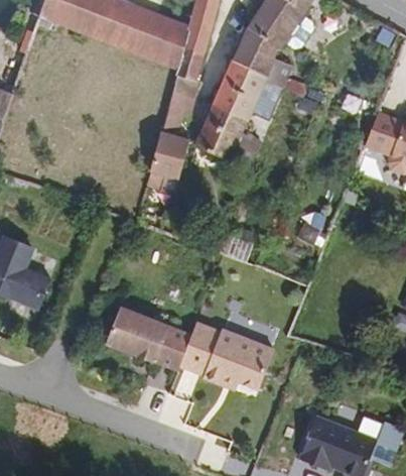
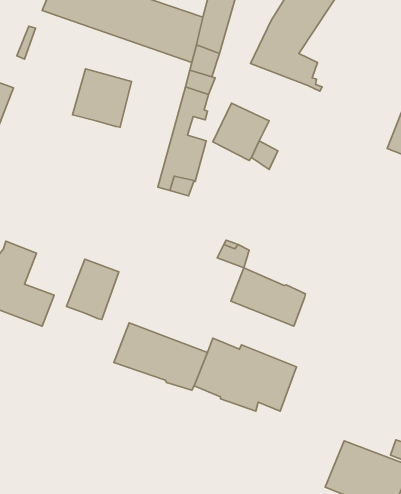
building: [213,70,282,122] -> none
building: none -> [72,69,132,127]
building: none -> [66,259,119,319]
building: none -> [231,268,305,326]

